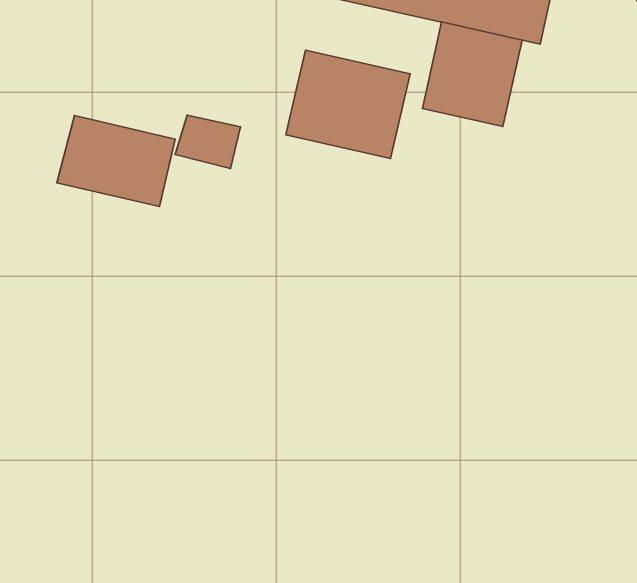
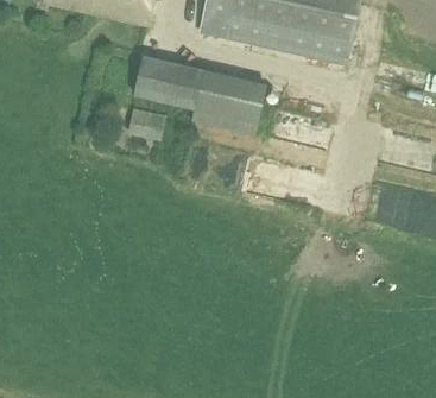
building: [422,22,522,127] -> none
building: [57,116,175,206] -> [134,55,206,109]

